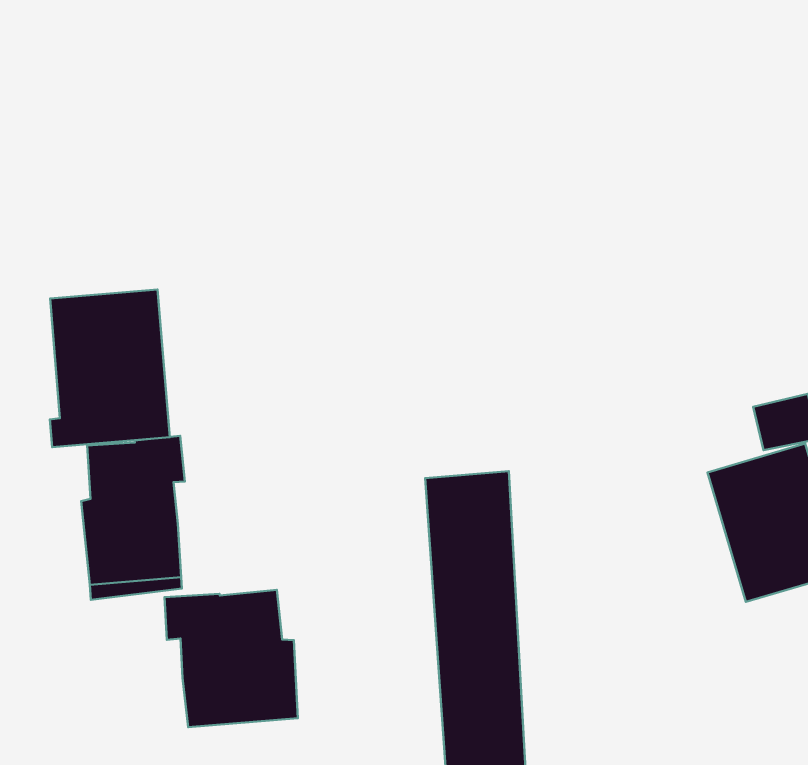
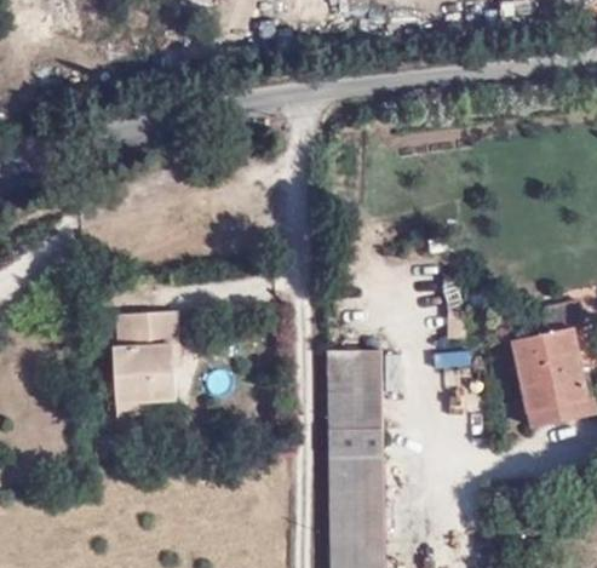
building: [50,290,170,447] -> none
building: [165,590,298,727] -> none

